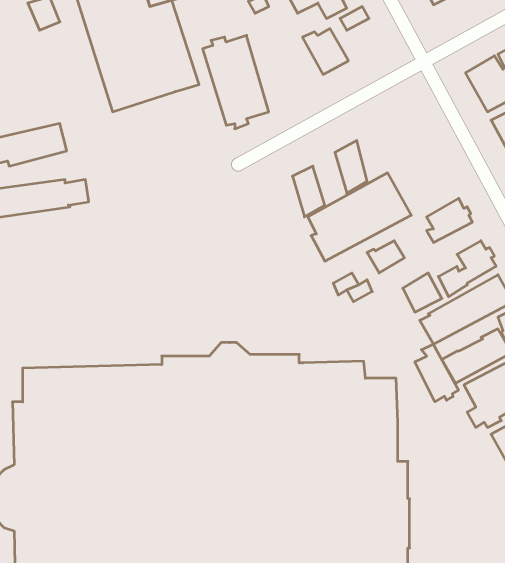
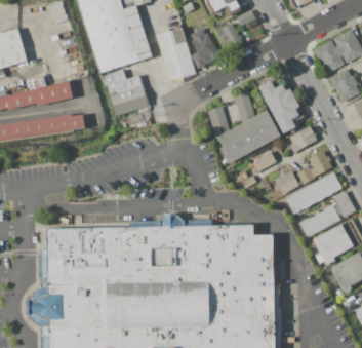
building: none -> [191,29,220,68]
building: none -> [102,70,149,116]
building: none -> [258,80,300,133]
building: [415,344,458,402] -> none

